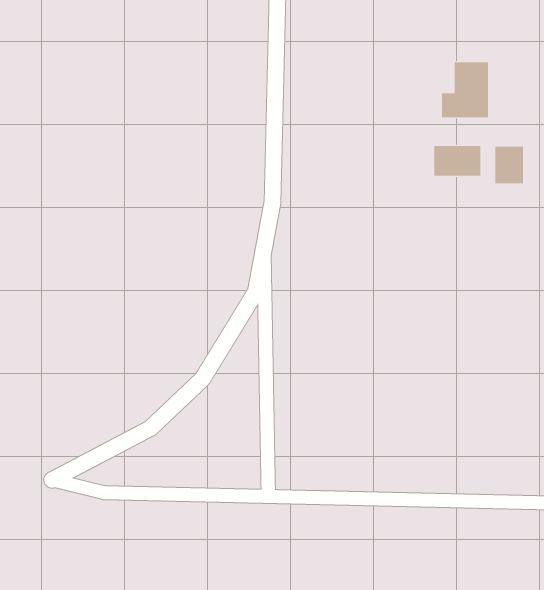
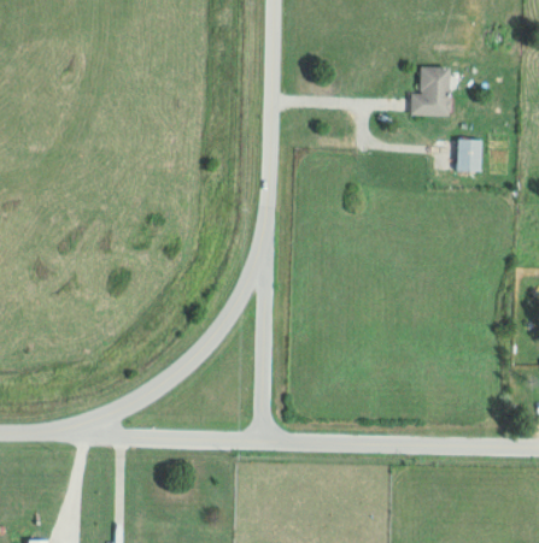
building: [434,145,481,176] -> none

